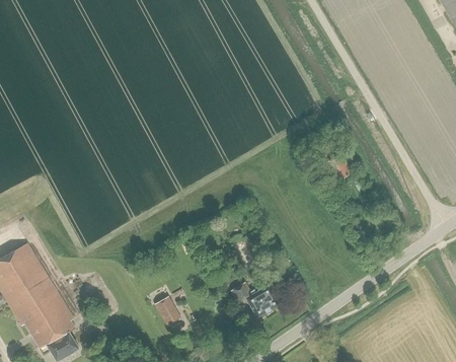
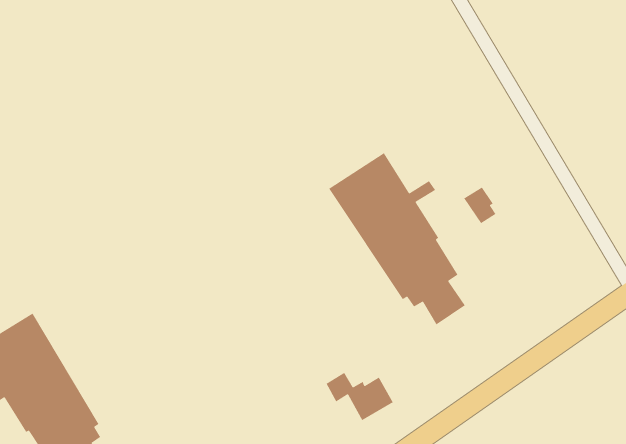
building: none -> [328,152,466,325]
building: [156,296,181,328] -> none

